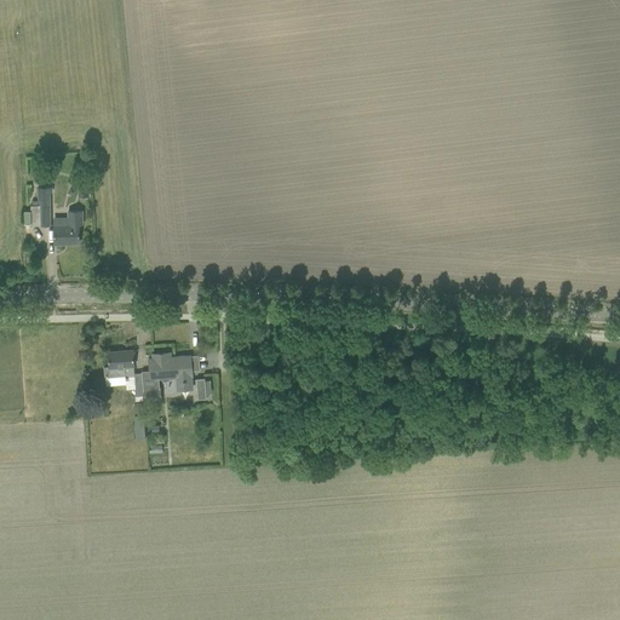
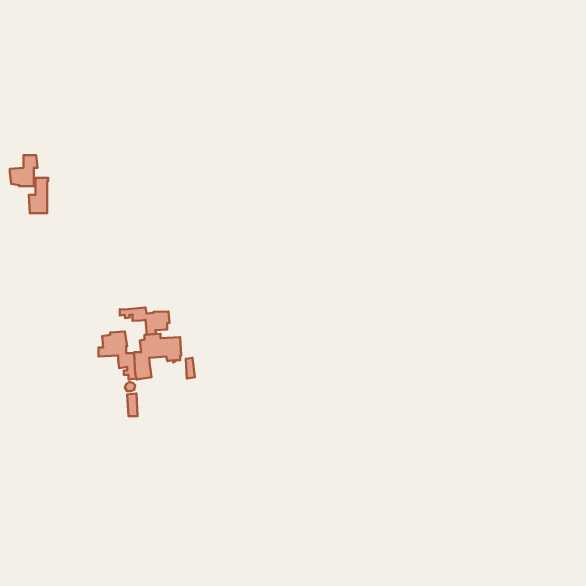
building: [53,211,82,243] -> [10,155,37,186]
building: none -> [120,308,170,335]

